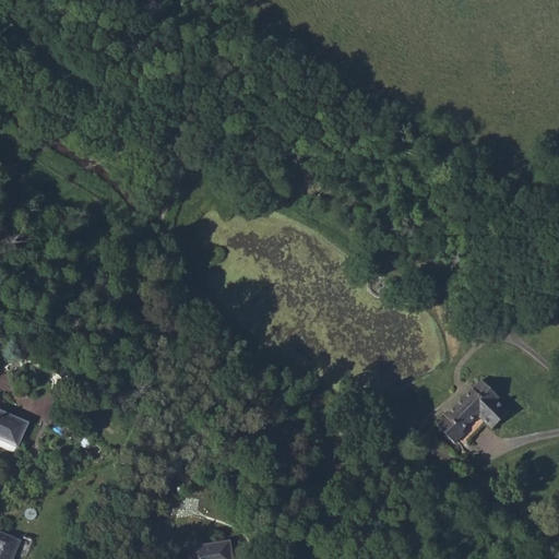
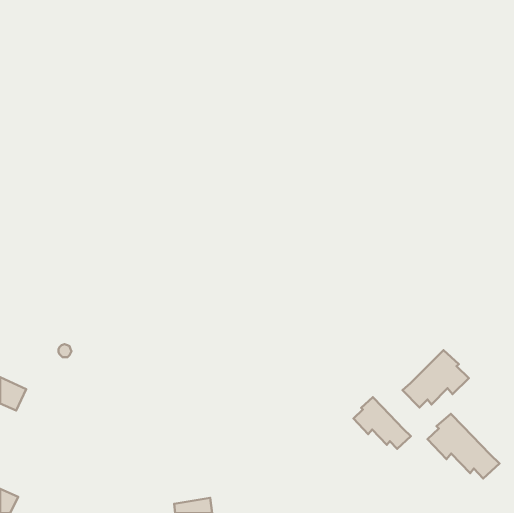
building: none -> [353,397,411,449]
building: none -> [428,414,499,479]

